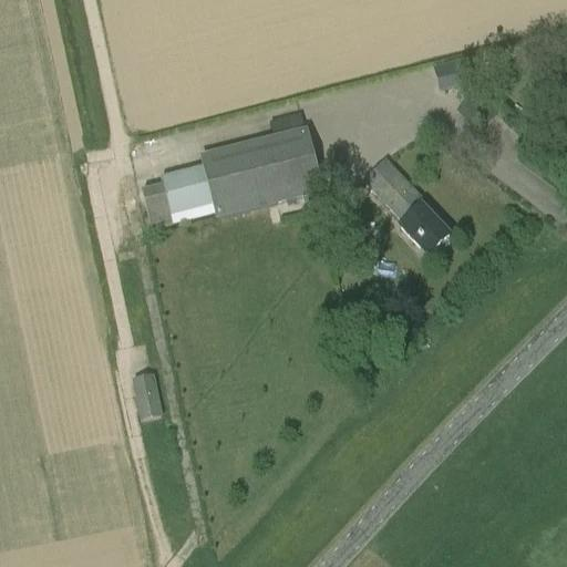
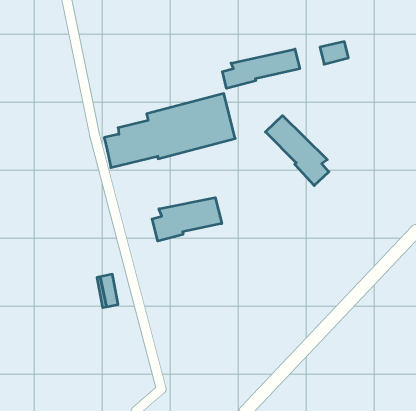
building: none -> [222,49,300,88]
building: none -> [152,198,222,241]

